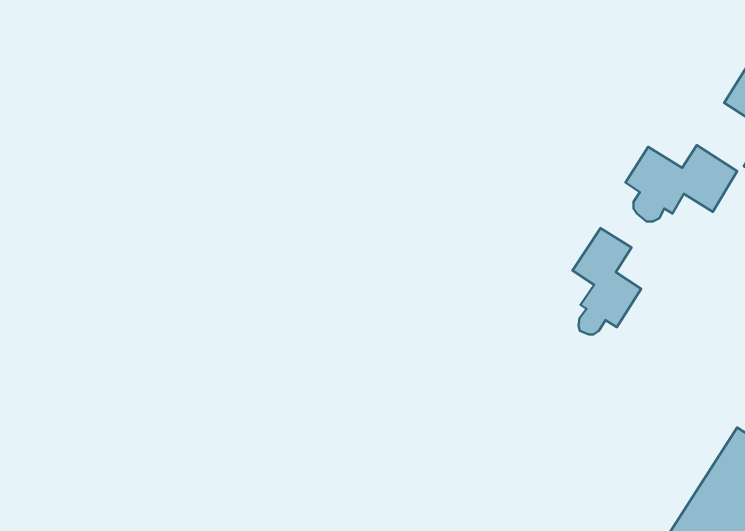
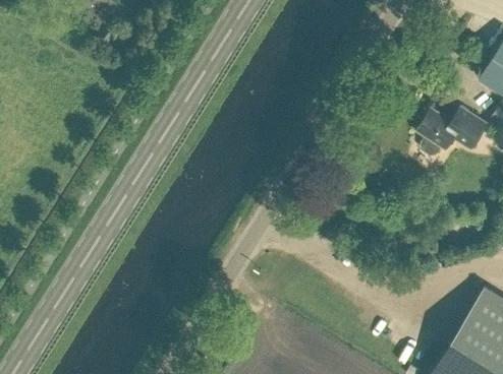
building: [573,228,641,334] -> none

